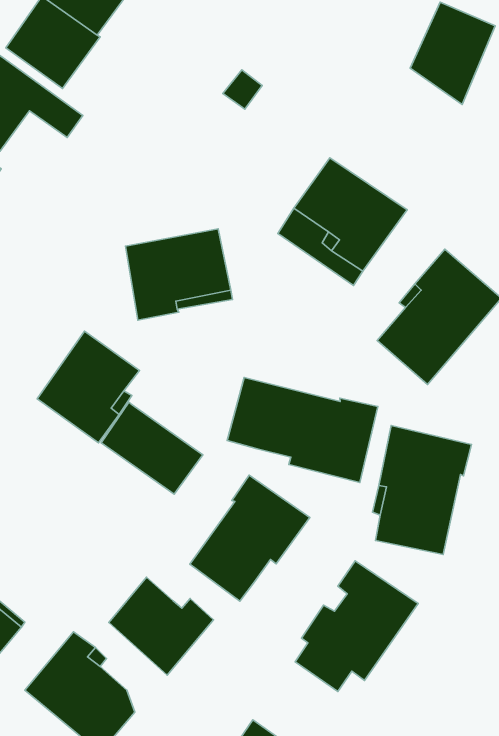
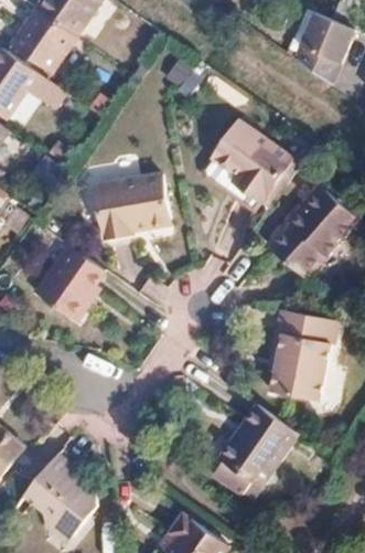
building: [227,377,378,482] -> none
building: [101,402,203,494] -> none
building: [190,475,310,601] -> none
building: [109,577,213,675] -> none

